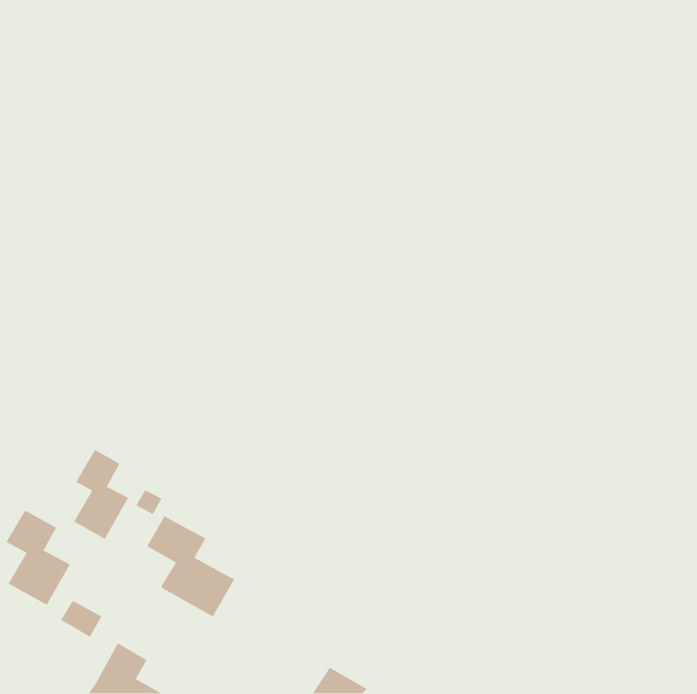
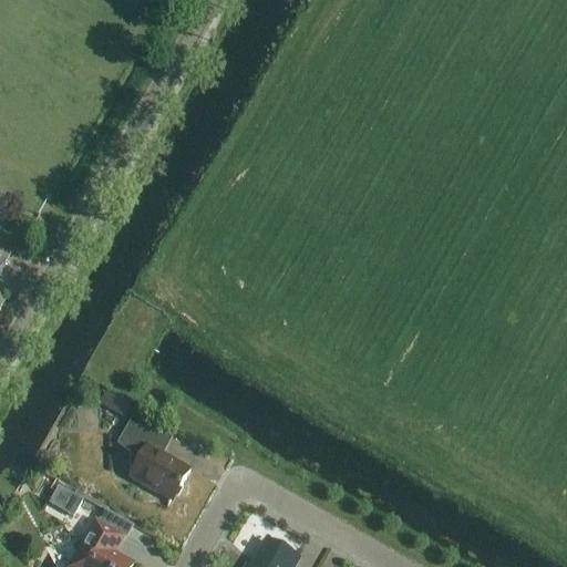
building: [73,449,129,540] -> none
building: [6,509,71,606] -> none

